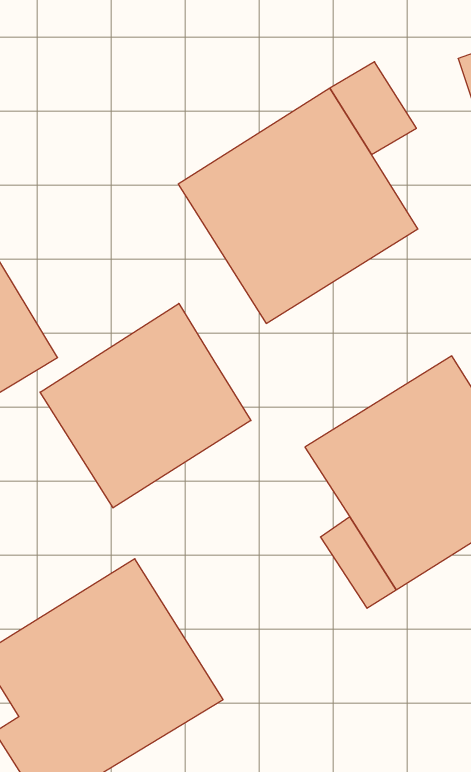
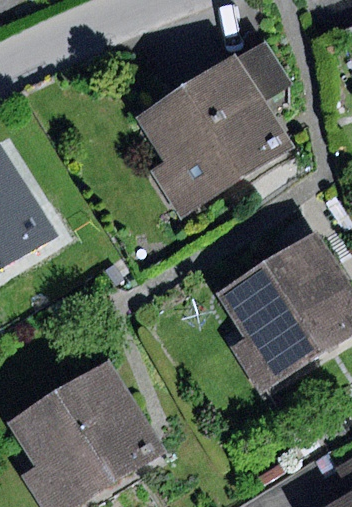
building: [40,303,251,508] -> none

